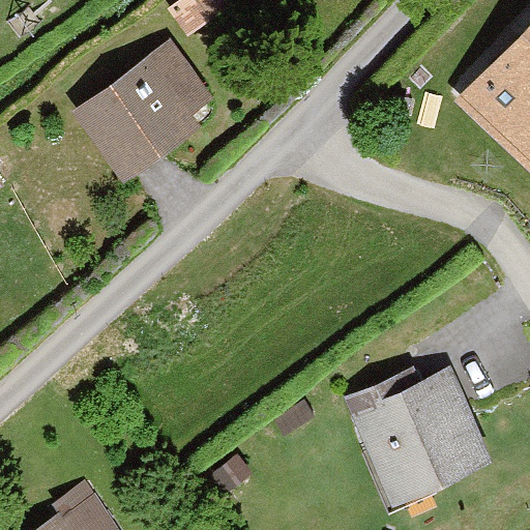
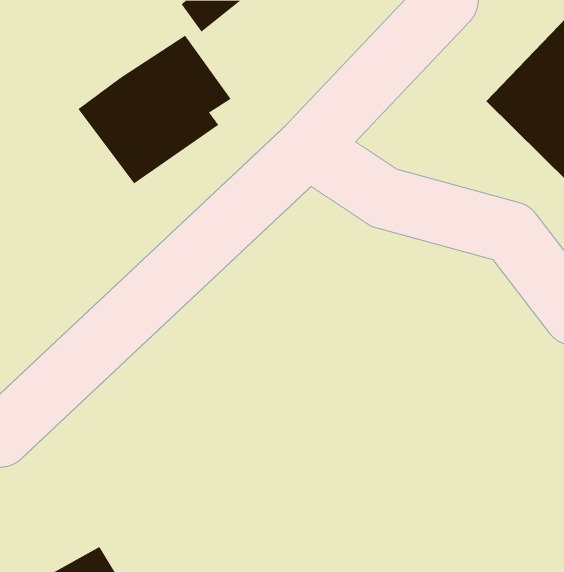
building: [349,372,481,493] -> none

